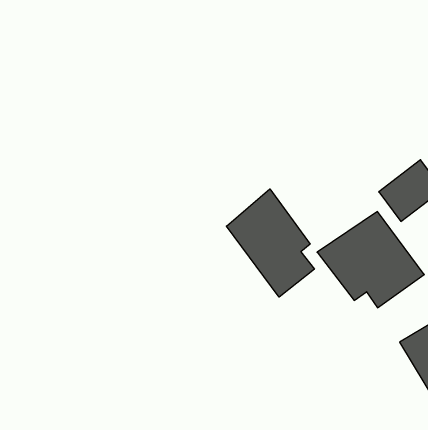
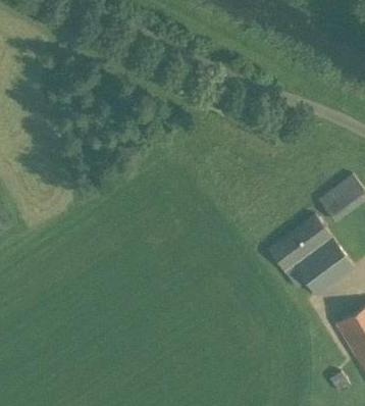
building: [226,189,314,297] -> none

